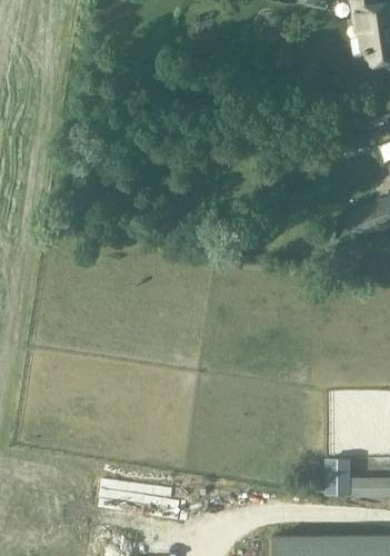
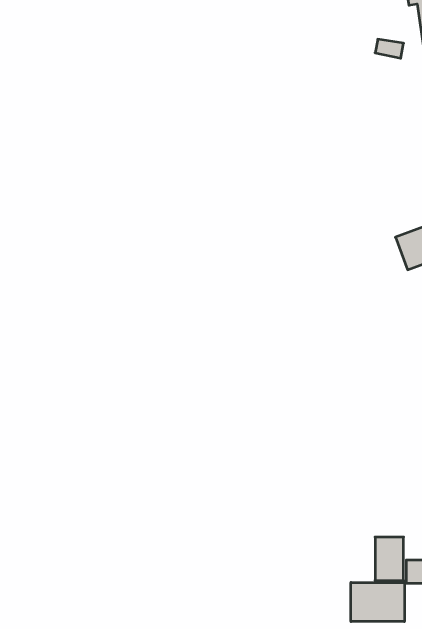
building: none -> [351,582,405,622]

